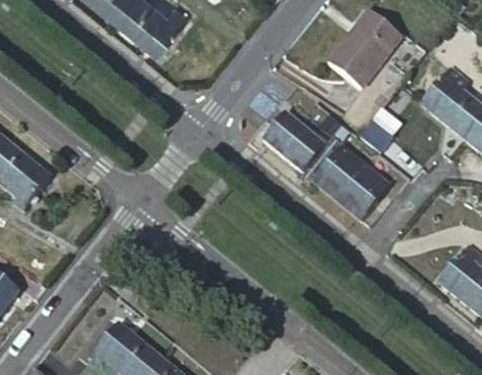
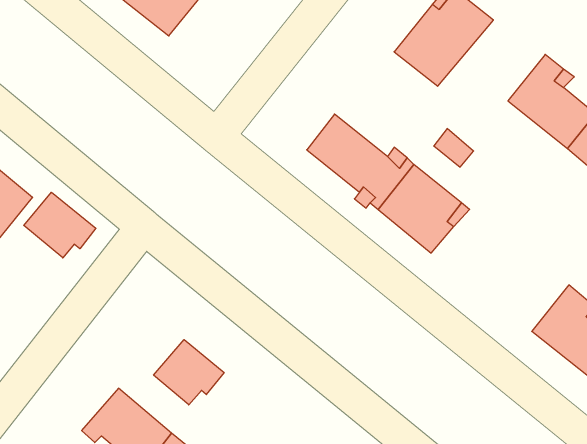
building: none -> [24,192,96,258]
building: none -> [154,340,224,405]

